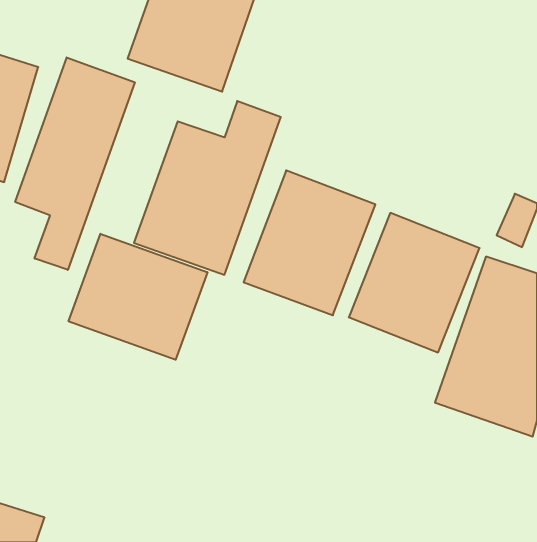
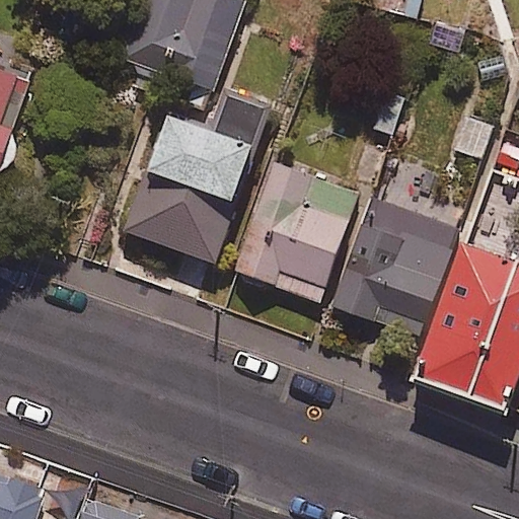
building: [15,57,135,270] -> none
building: [69,234,207,360] -> none

